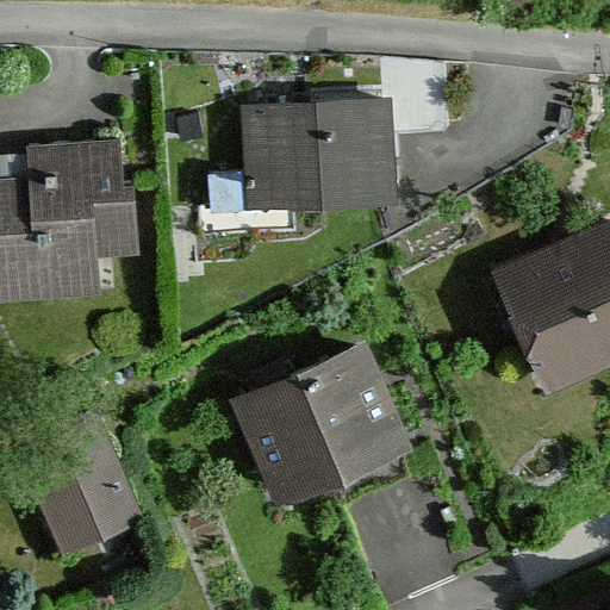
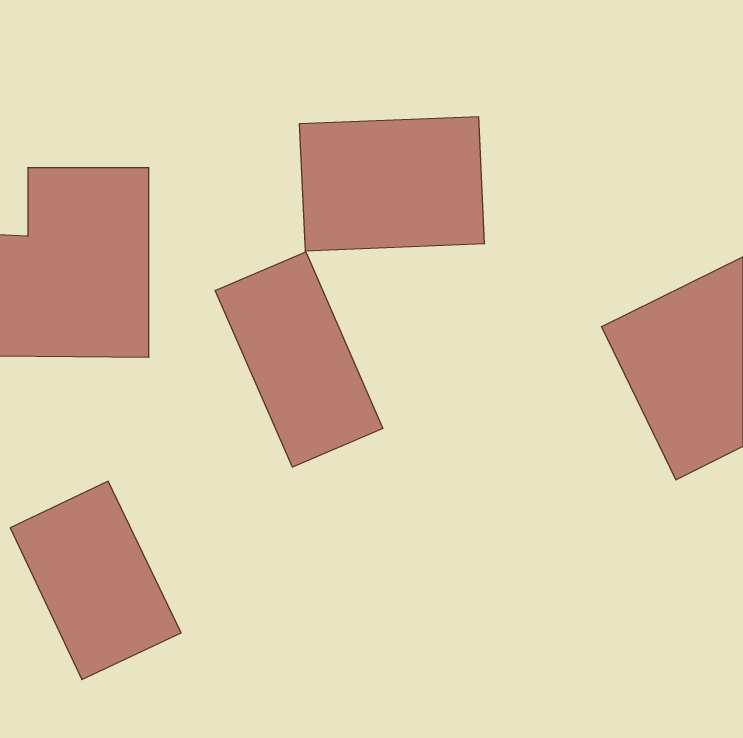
building: none -> [215,252,383,467]
building: [235,336,416,511] -> none

